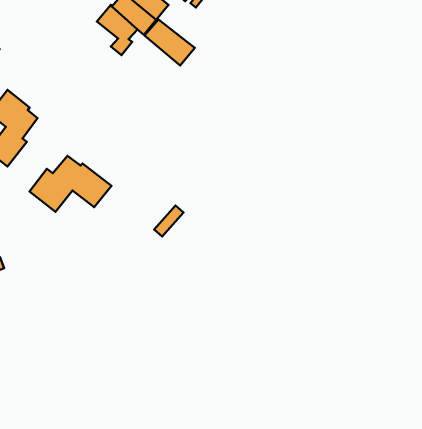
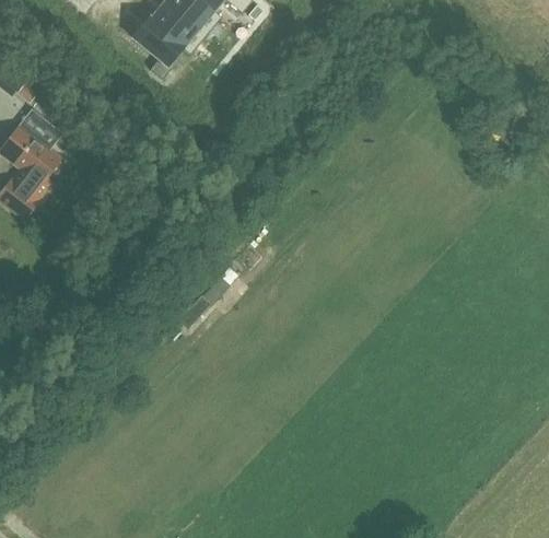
building: [144,19,195,65] -> none
building: [29,156,111,212] -> none

